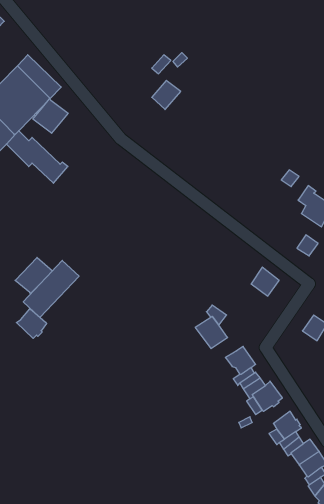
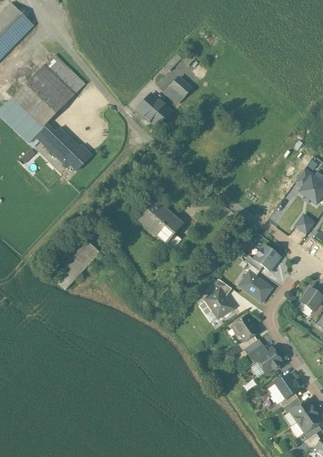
building: [33,99,68,133] -> none
building: none -> [138,94,170,126]
building: none -> [139,199,182,248]
building: [15,257,53,294] -> none
building: none -> [238,271,272,302]
building: [16,309,47,338] -> none

